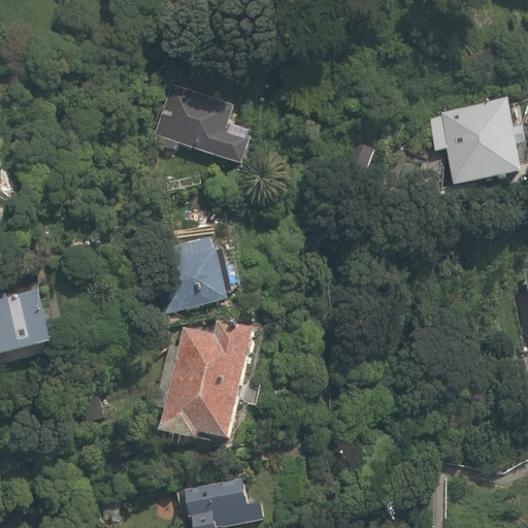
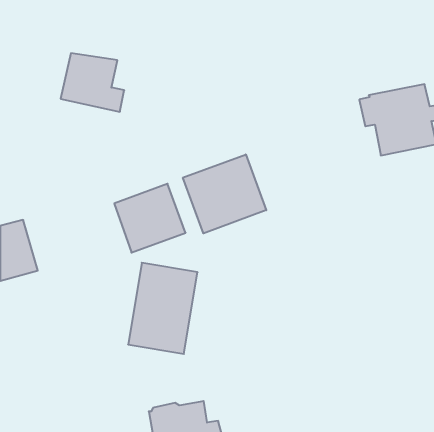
building: [166,91,242,161] -> [61,53,124,112]
building: none -> [183,154,266,233]

